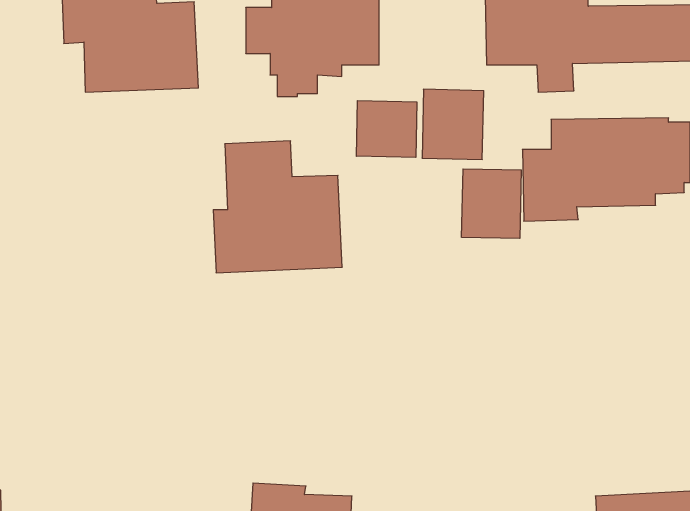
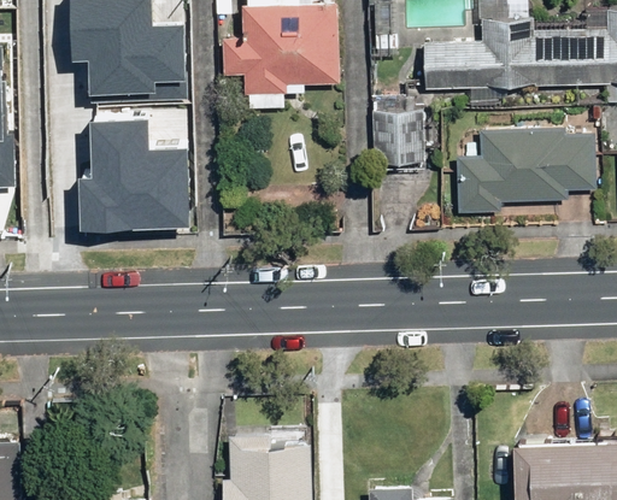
building: [356,101,417,157] -> none
building: [213,141,342,273] -> [78,124,187,235]
building: [462,169,521,238] -> none

